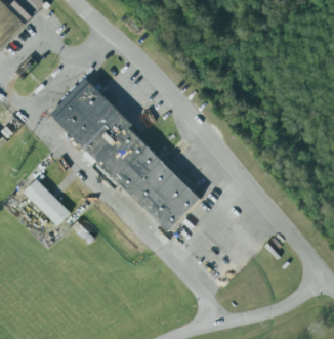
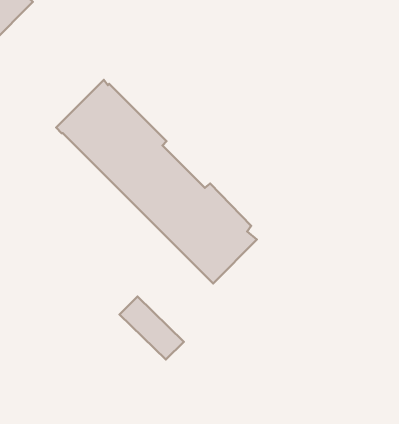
building: [22,180,70,227] -> [120,297,184,359]

